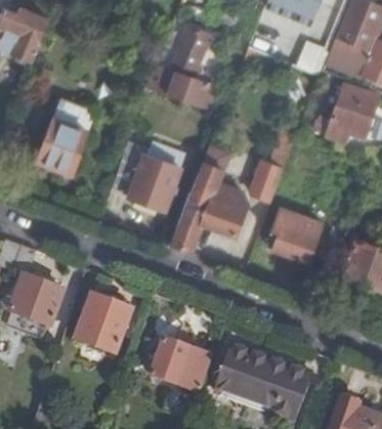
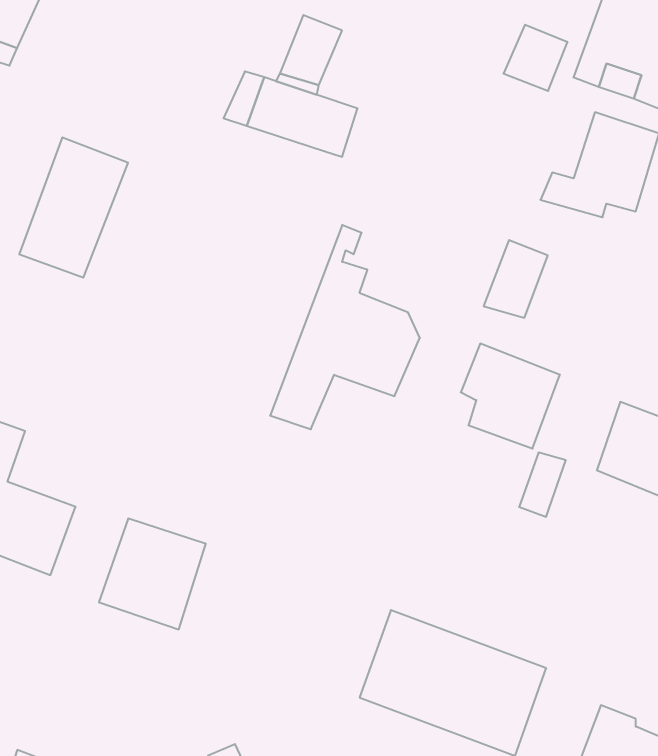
building: [113,145,179,208] -> none
building: [249,156,283,197] -> [484,240,548,318]
building: [154,339,213,393] -> none

